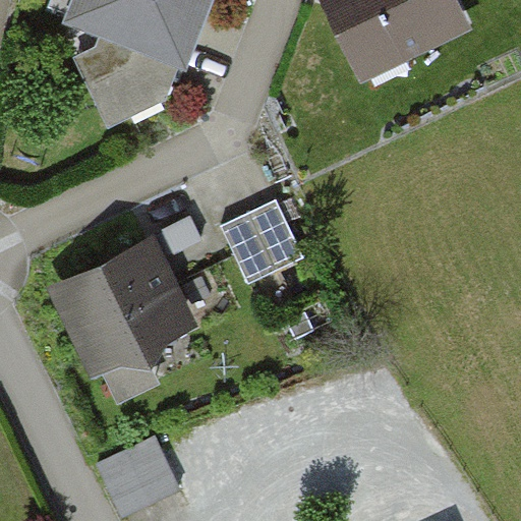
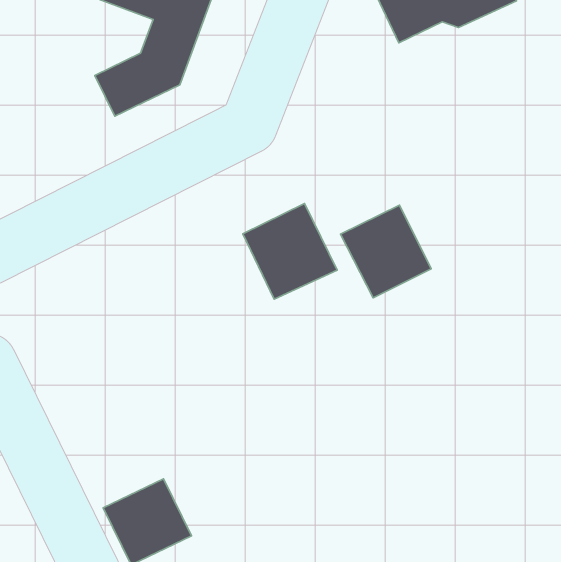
building: none -> [340,205,431,298]
building: [62,247,182,361] -> none

